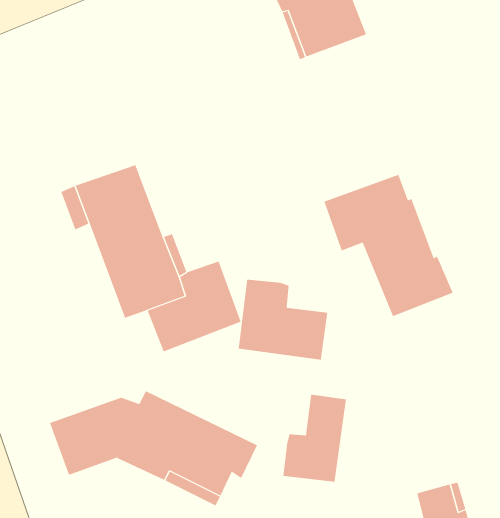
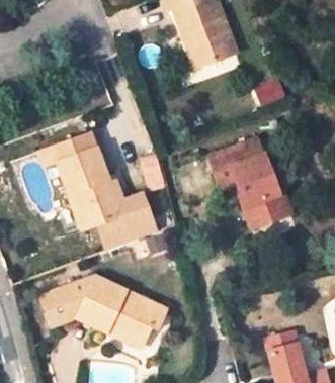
building: [238,279,328,361] -> none
building: [283,394,346,483] -> none

